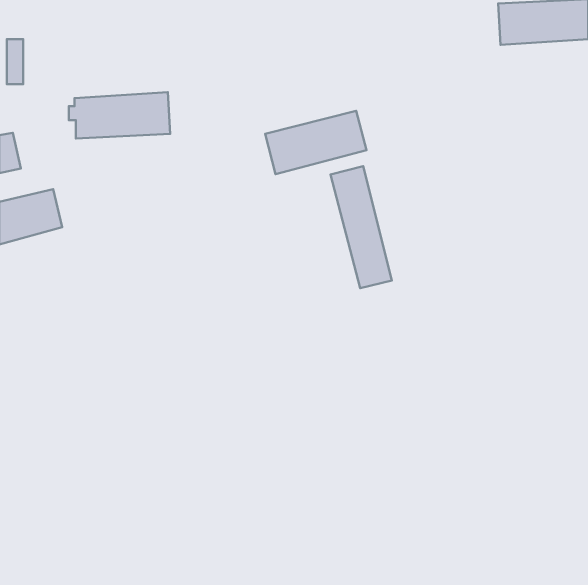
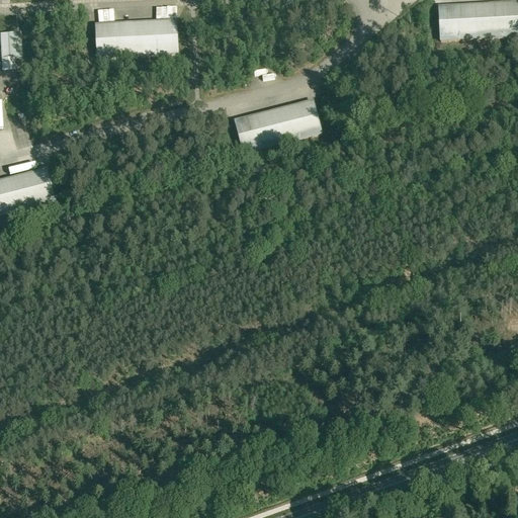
building: [69,92,170,138] -> [89,17,178,58]
building: [331,166,392,288] -> none

